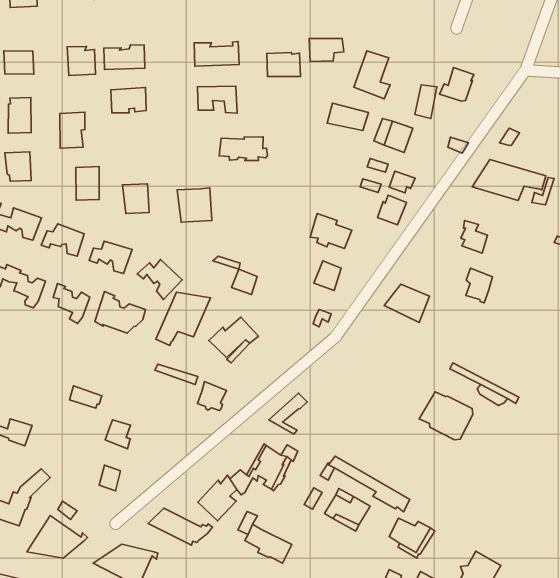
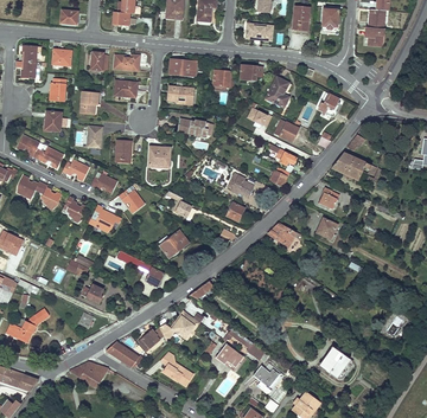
building: [156,292,210,345] -> none
building: [419,392,473,440] -> [318,347,351,378]
building: [27,515,87,558] -> none

